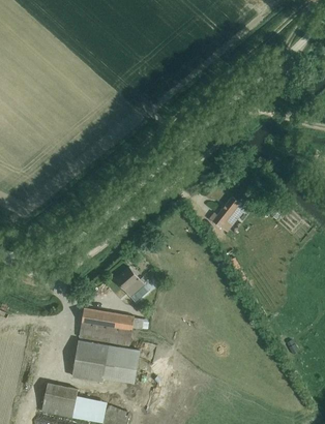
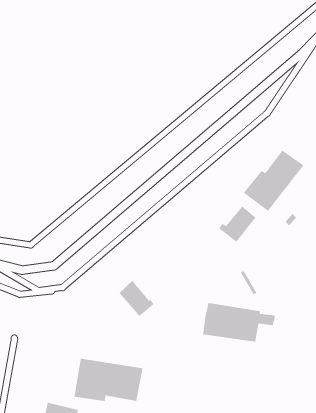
building: none -> [243,149,304,212]
building: [79,307,148,345] -> [202,302,276,343]

